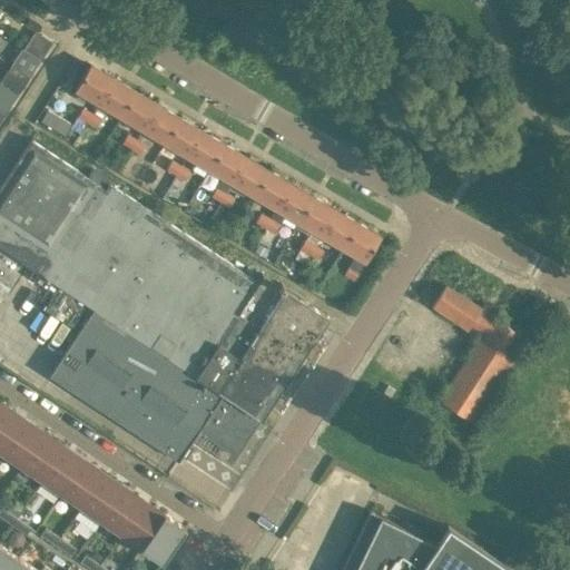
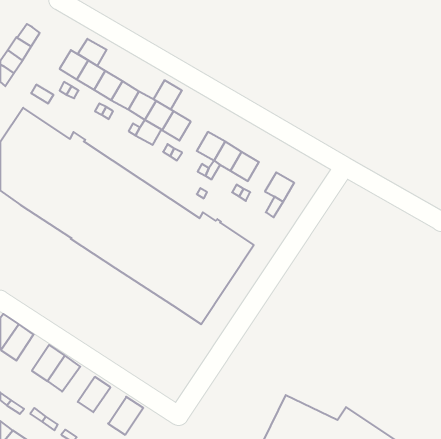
building: none -> [78,39,107,66]
building: [232,159,268,197] -> [153,80,182,110]
building: [320,212,356,249] -> none
building: [432,287,519,420] -> none
building: [48,311,262,463] -> none
building: [21,434,63,481] -> none
building: [80,475,122,521] -> none
building: [120,502,163,549] -> none

